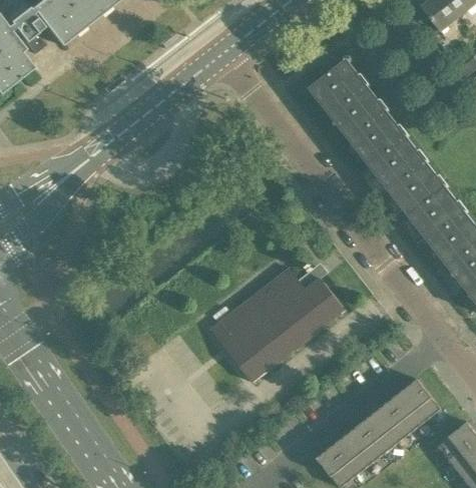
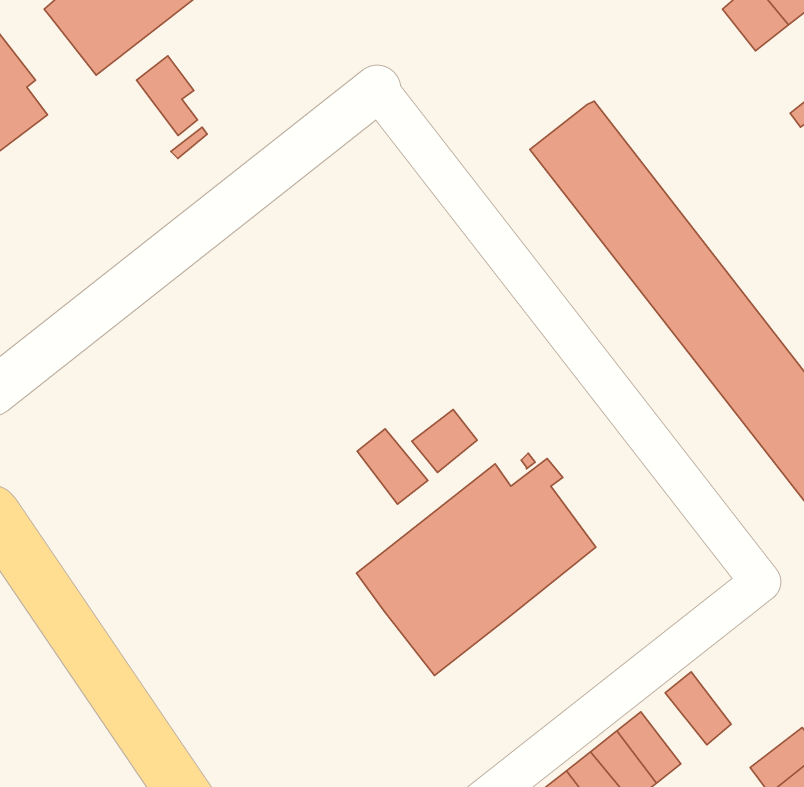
building: [8,7,43,53] -> [137,56,197,136]
building: none -> [412,410,477,473]
building: none -> [357,429,428,504]
building: [402,378,440,419] -> none
building: [373,401,411,442] -> none

